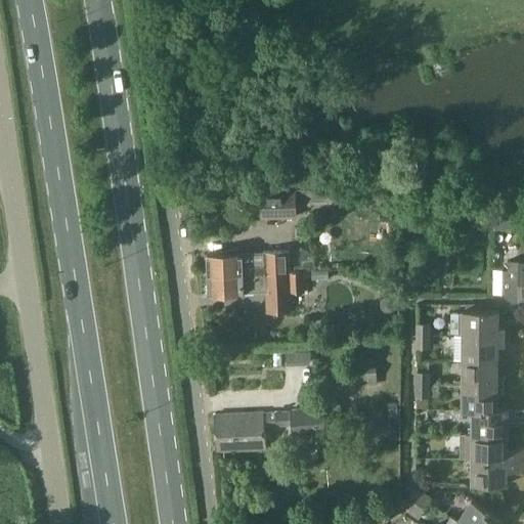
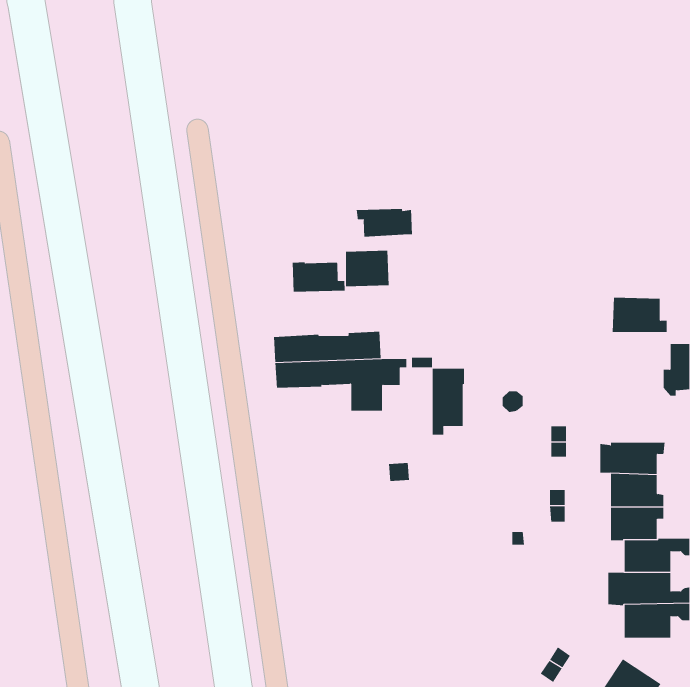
building: none -> [356,208,412,238]
building: none -> [292,262,345,293]
building: none -> [432,368,465,435]
building: [462,311,504,338] -> [612,297,667,332]
building: [215,406,343,454] -> none

